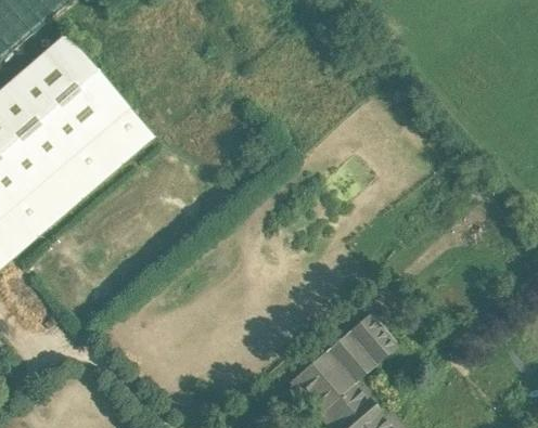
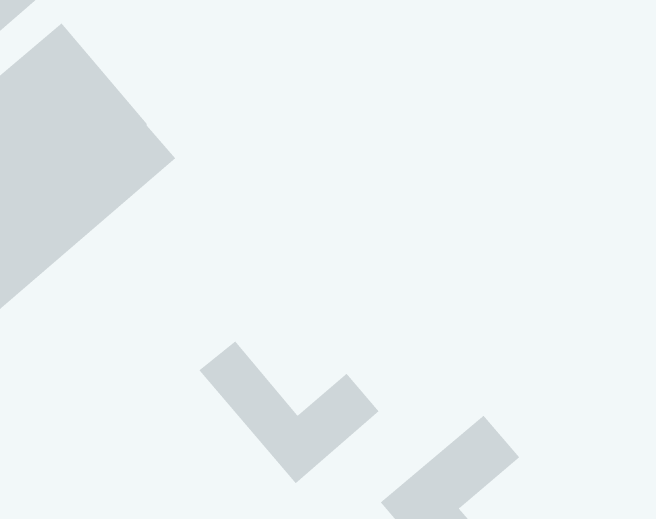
building: none -> [199,340,380,484]

